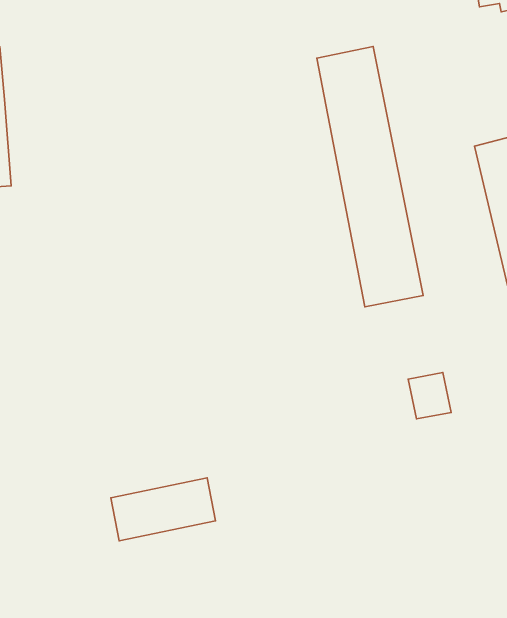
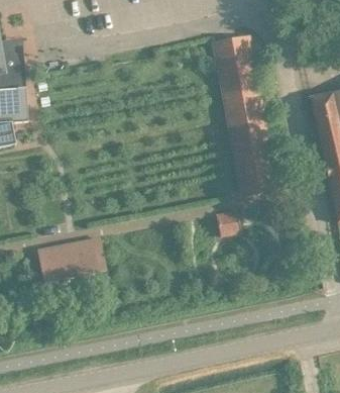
building: [408,373,451,419] -> [214,207,240,235]
building: [111,478,216,541] -> [39,237,103,276]

